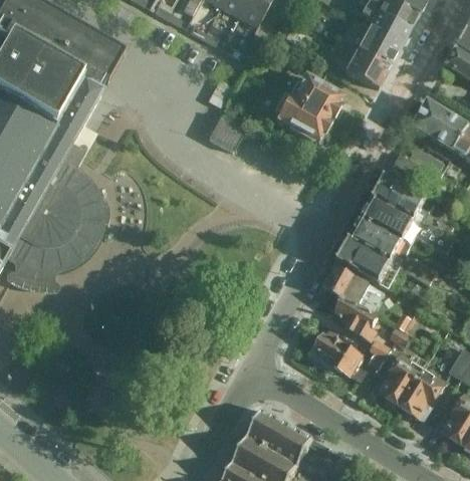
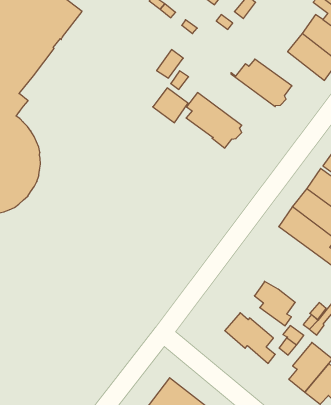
building: [273,93,332,146] -> [186,93,242,148]
building: [339,241,400,288] -> none
building: [326,266,371,304] -> none

